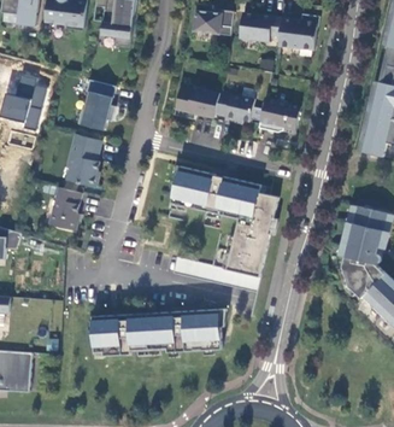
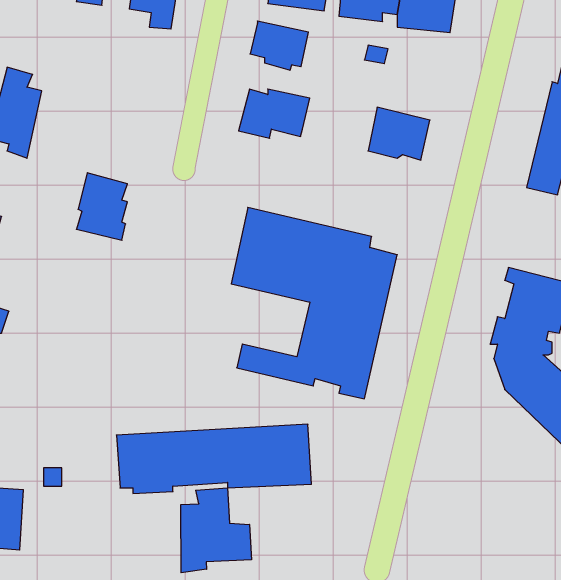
building: [78,80,116,130] -> none
building: [216,92,254,124] -> [250,21,308,70]
building: [49,187,82,230] -> none
building: none -> [181,488,251,573]

